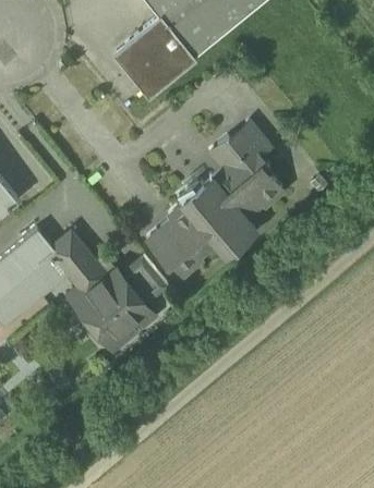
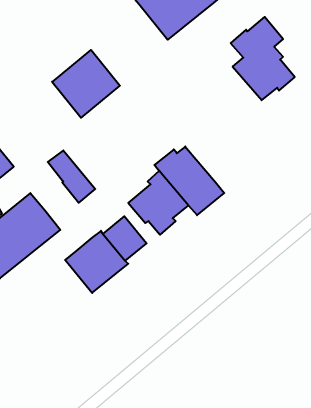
building: [116,20,192,96] -> [52,50,120,118]
building: [210,126,282,220] -> [231,17,295,100]
building: [53,239,107,297] -> [48,150,95,203]

